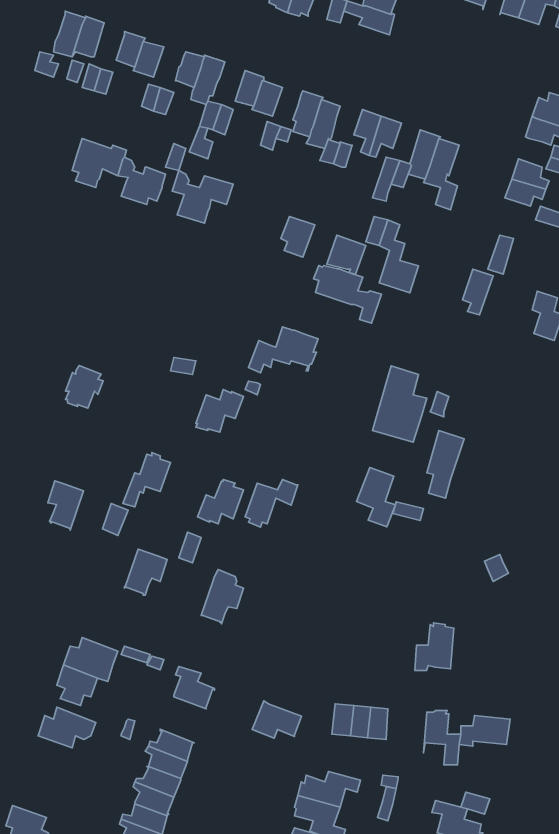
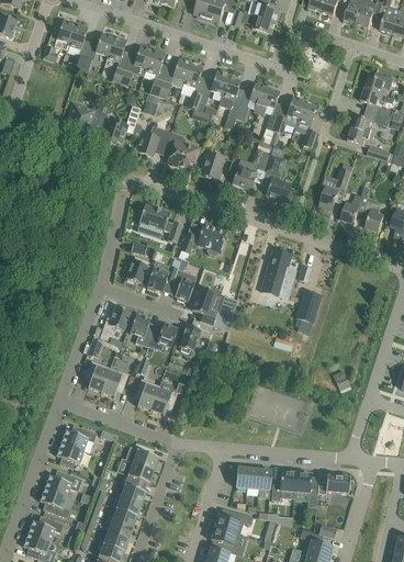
building: none -> [164,132,200,169]
building: [314,265,382,323] -> [138,205,182,243]
building: none -> [340,187,372,224]
building: [66,366,103,408] -> [126,257,150,284]
building: none -> [172,269,197,302]
building: none -> [130,314,156,348]
building: [356,468,395,527] -> [192,288,217,326]
building: [48,481,84,530] -> [87,361,110,393]
building: none -> [136,379,159,411]
building: [415,623,454,671] -> [271,470,296,501]
building: [252,701,301,738] -> [122,461,154,485]
building: none -> [41,488,70,518]
building: none -> [29,516,64,541]

